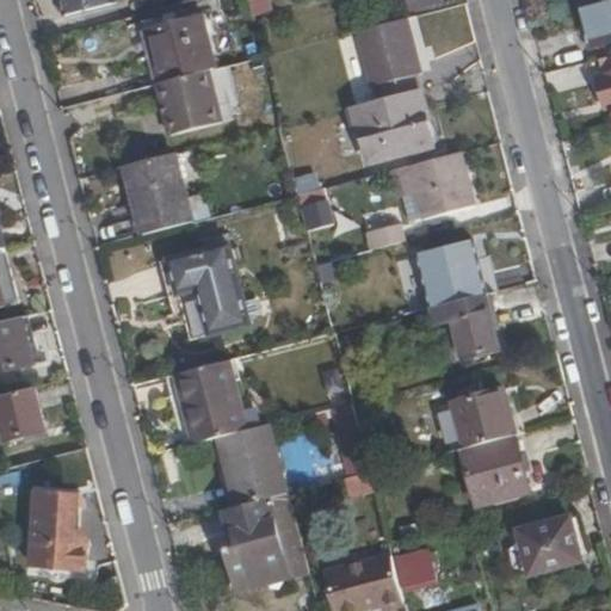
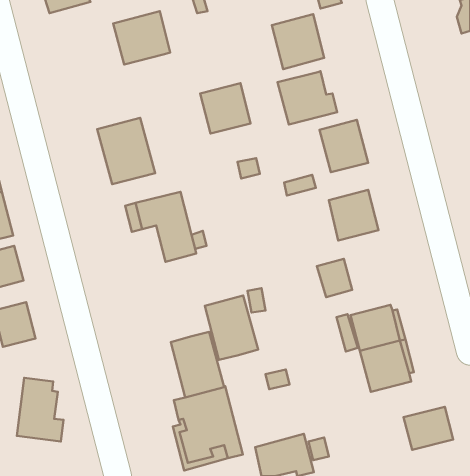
building: [159,69,223,134] -> [200,83,251,134]
building: [448,308,493,357] -> [317,259,352,297]
building: [175,360,243,443] -> [205,295,258,360]

